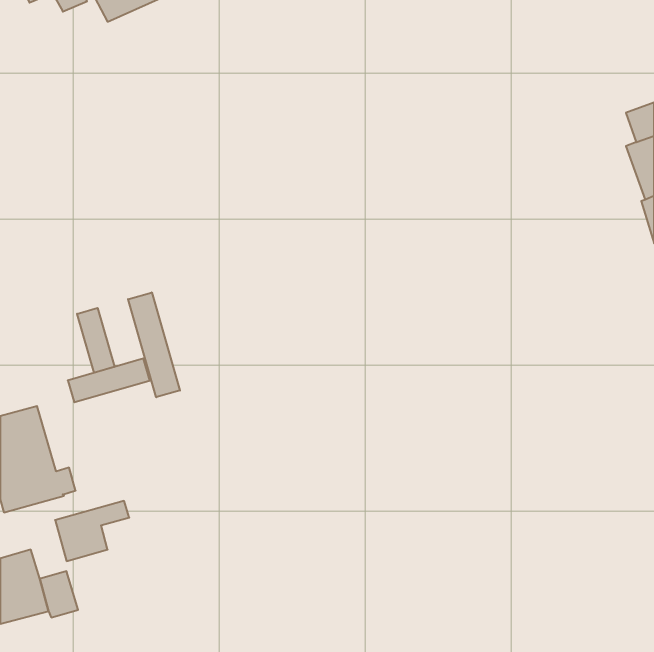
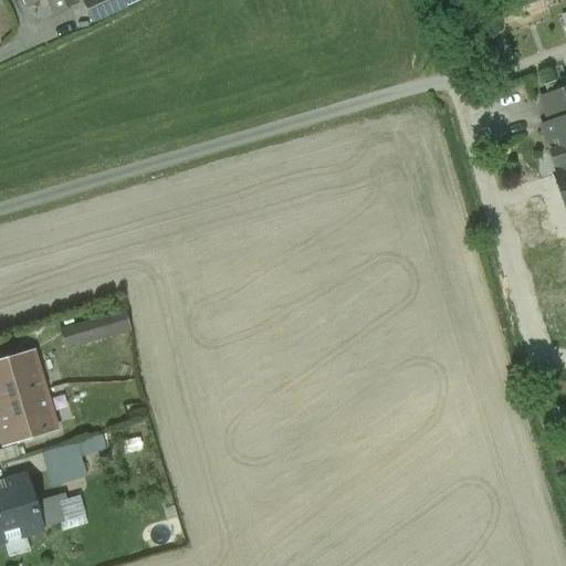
building: [128,292,180,397] -> none
building: [77,308,114,373] -> none

